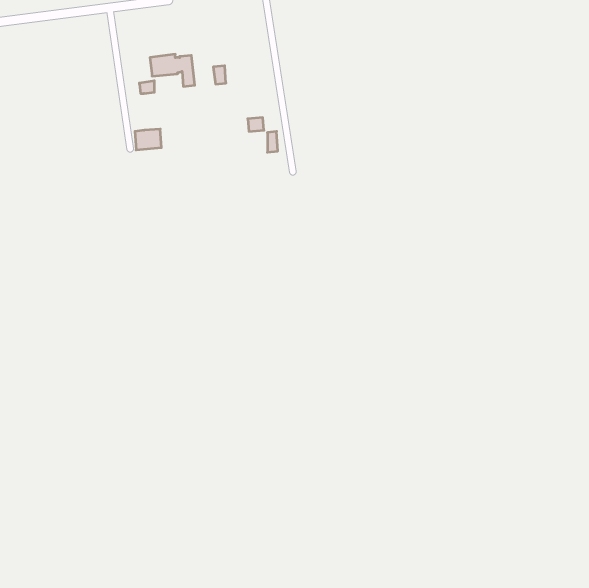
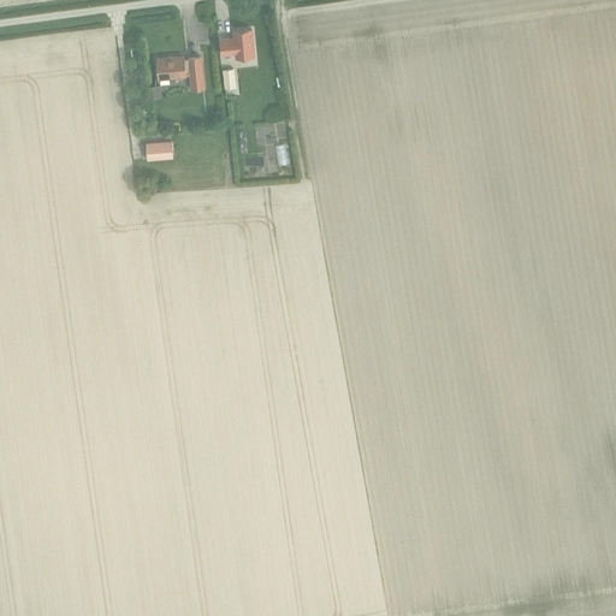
building: none -> [219,29,255,60]

